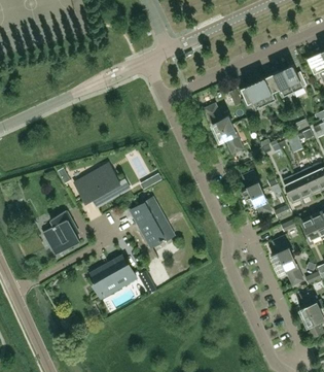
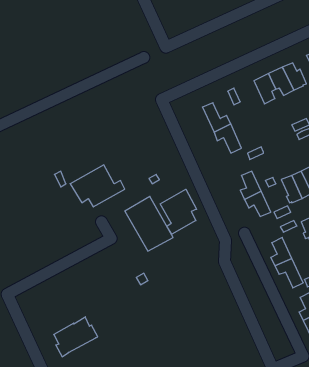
building: [241,82,265,111] -> none
building: none -> [160,189,197,234]
building: [43,210,80,256] -> none
building: [92,256,135,295] -> [54,317,98,357]

